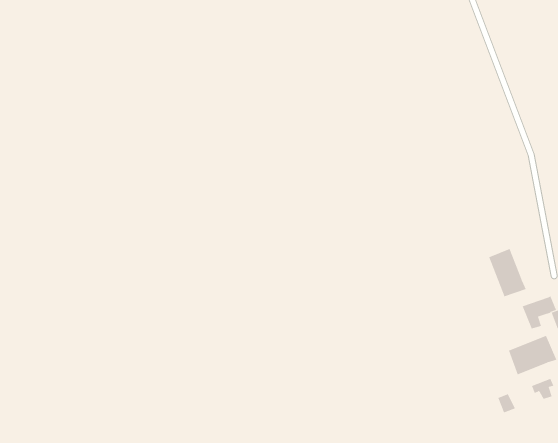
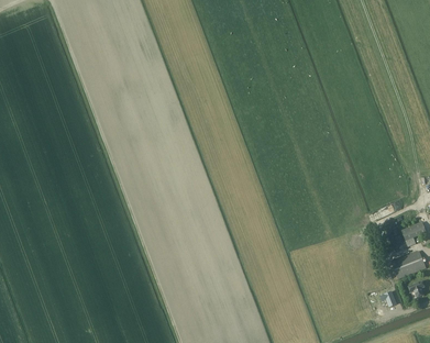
building: [488,248,527,297] -> none

